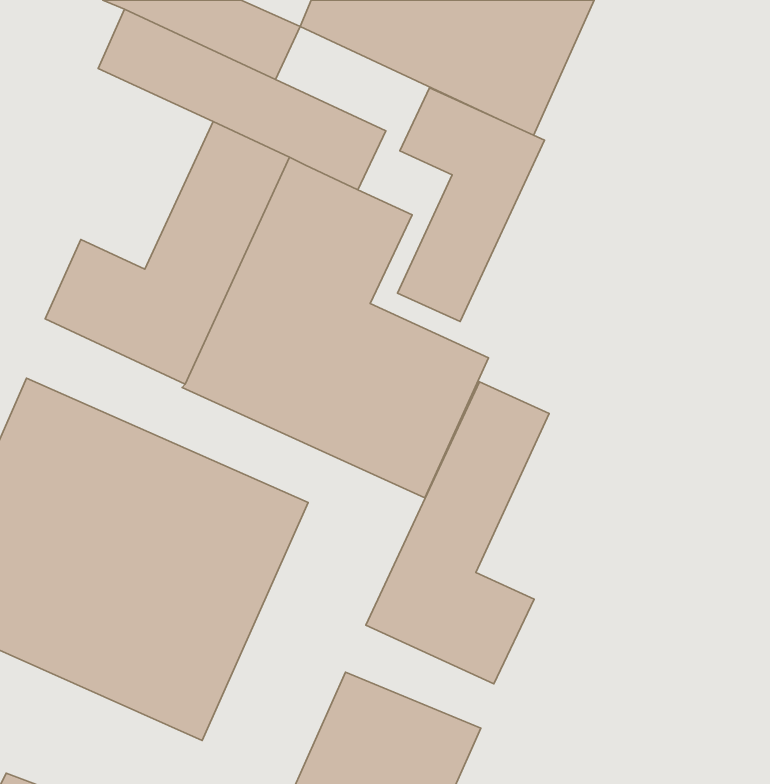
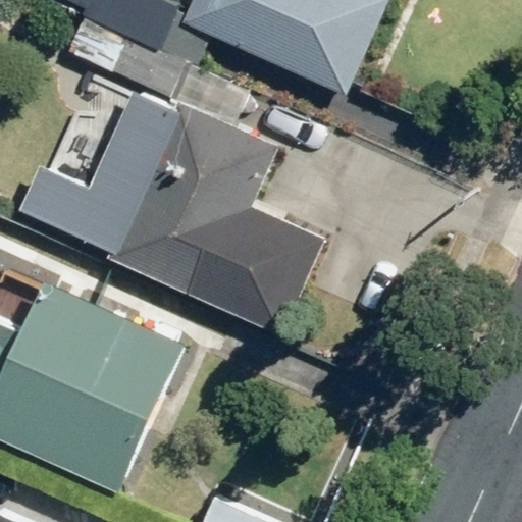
building: [398,88,544,322] -> none
building: [366,382,549,684] -> none

